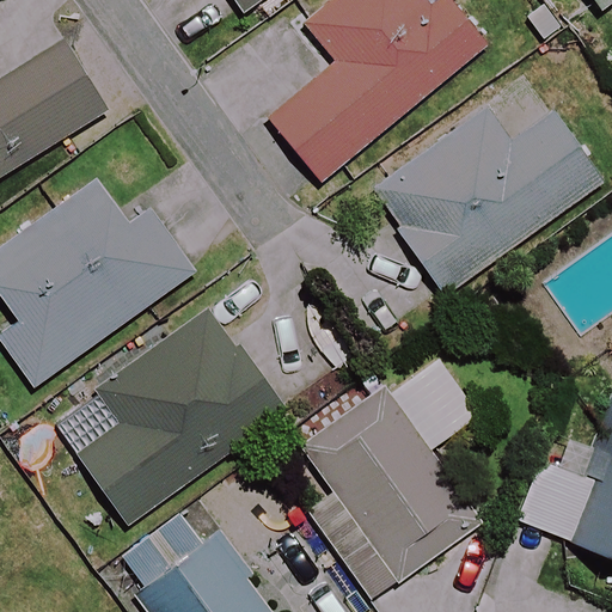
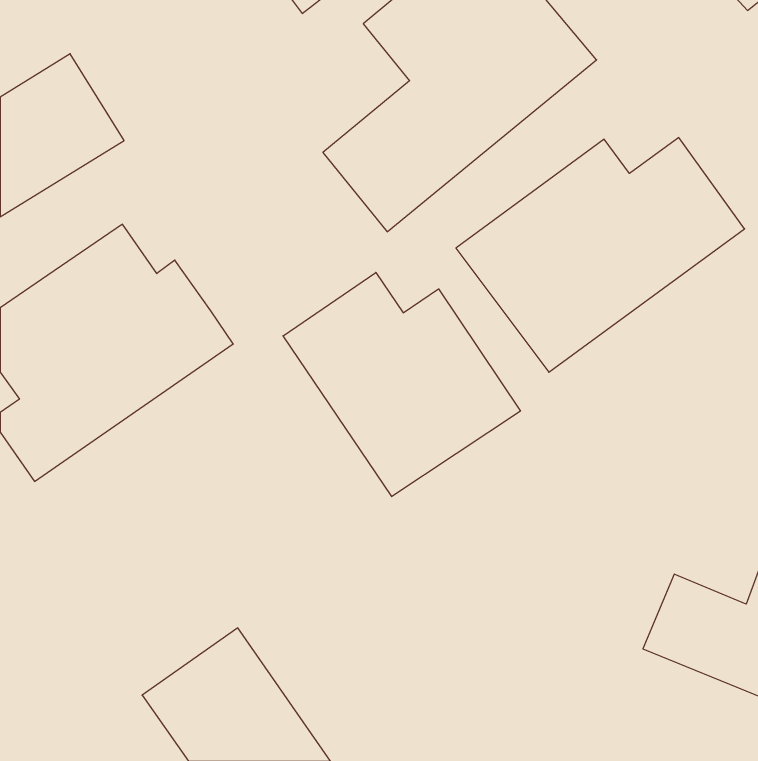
building: none -> [283,272,520,497]
building: [79,305,282,524] -> none
building: [307,353,483,600] -> none

